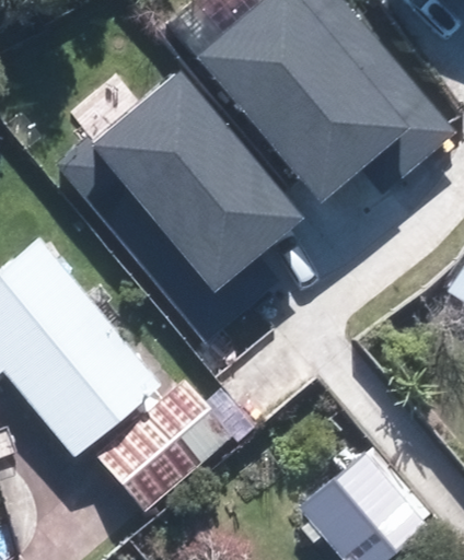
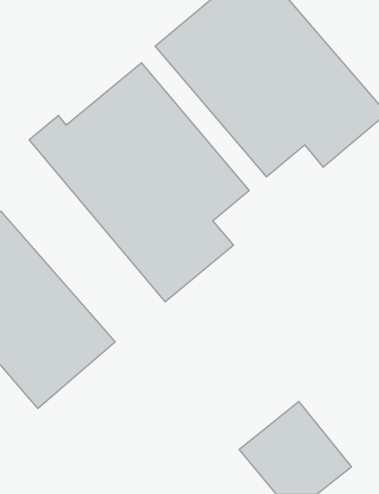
building: [90,377,227,510] -> none

